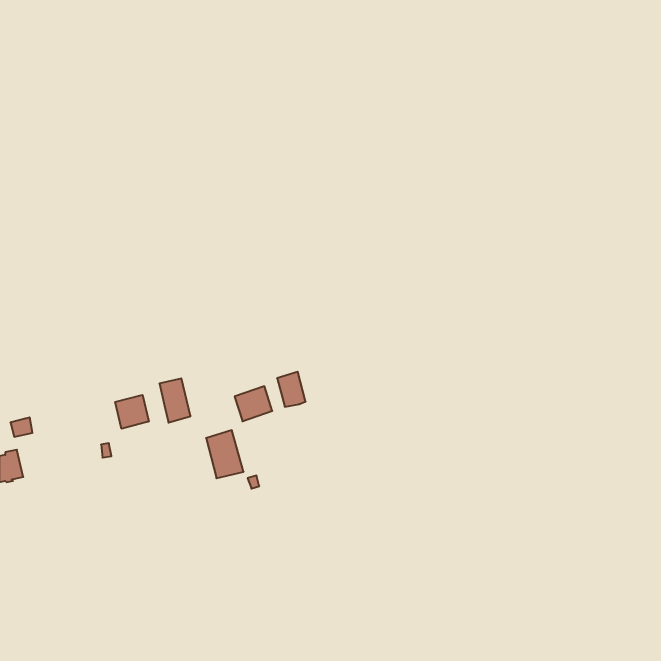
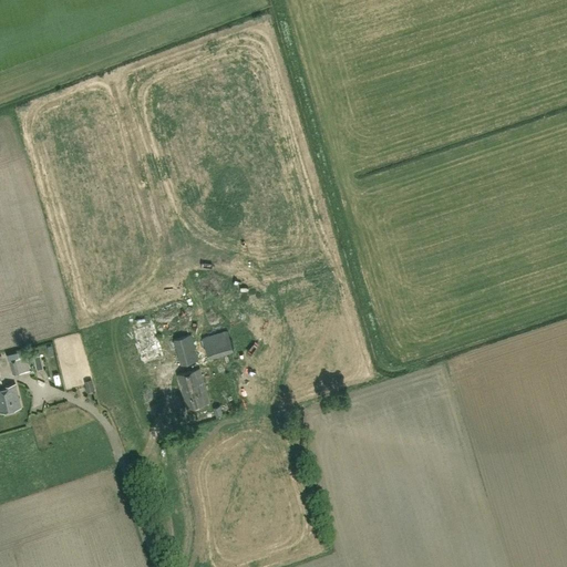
building: [277,372,306,407] -> [173,336,197,365]
building: [115,395,149,429] -> none

